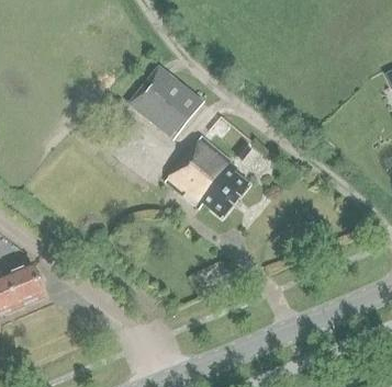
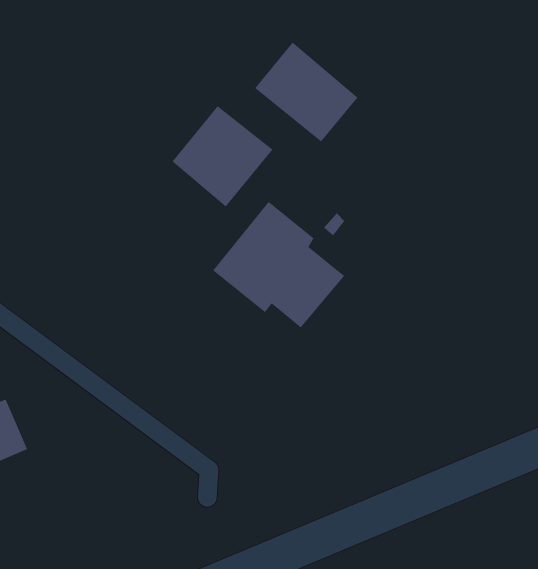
building: none -> [254,41,359,142]

